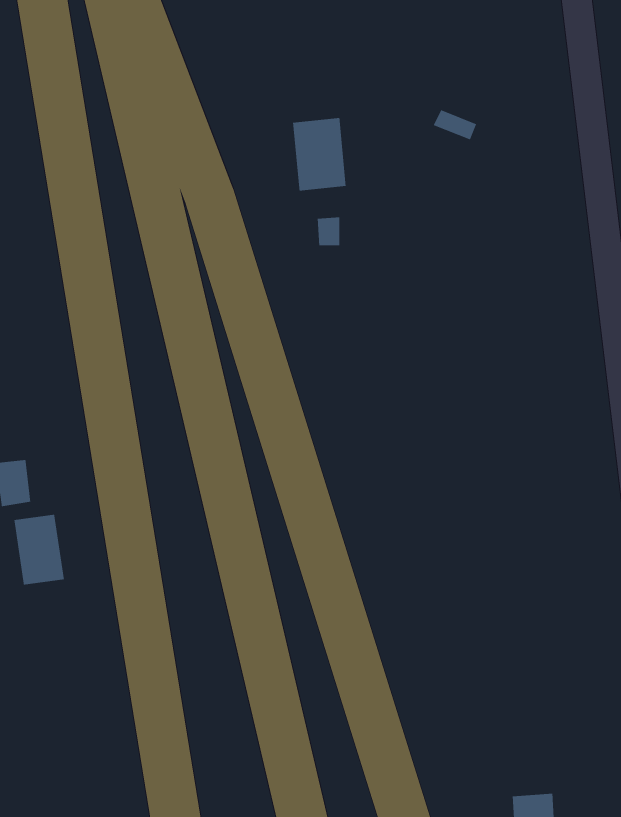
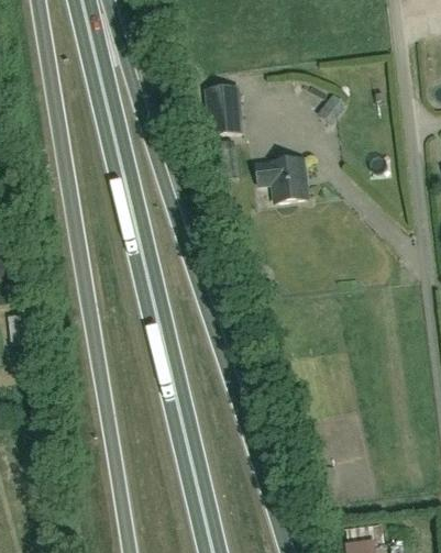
building: none -> [255,158,308,202]
building: [14,514,65,586] -> none

